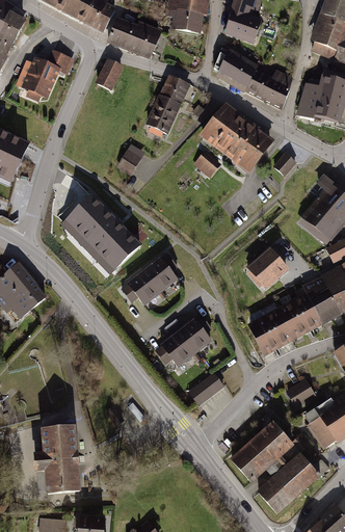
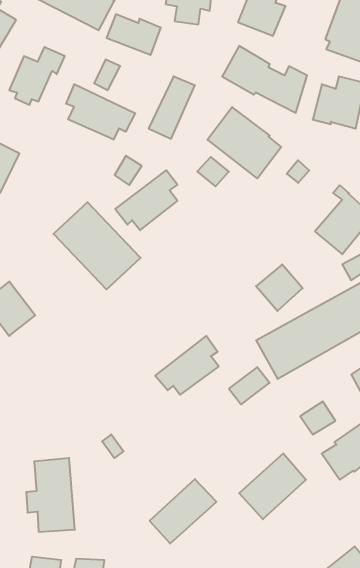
building: none -> [66,84,135,140]
building: [121,252,178,308] -> [115,170,177,230]
building: [187,371,224,405] -> [229,367,270,404]
building: [259,452,320,511] -> [150,479,216,544]

